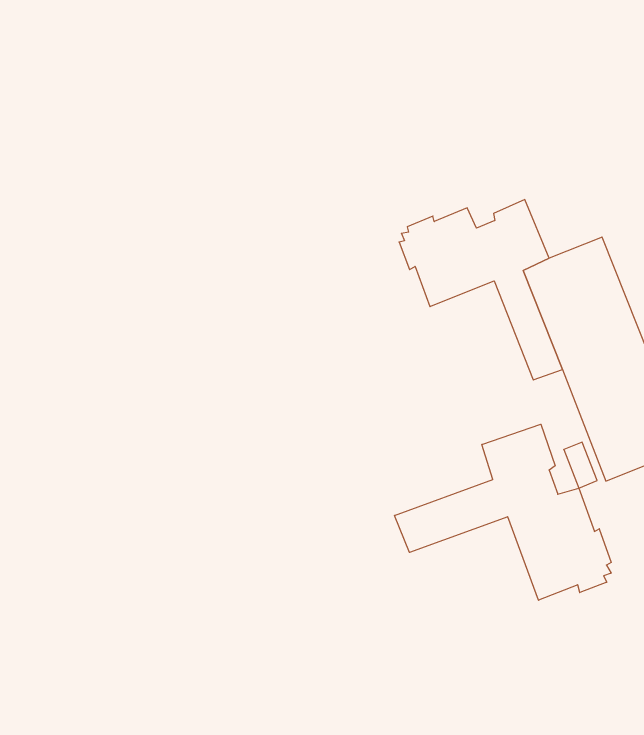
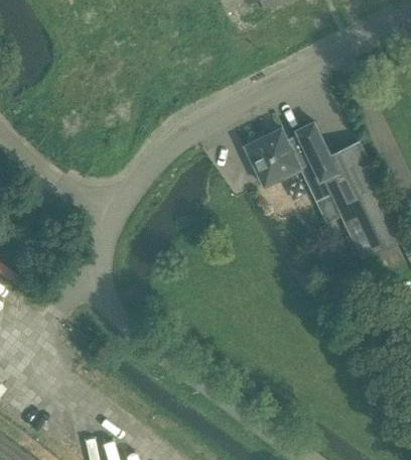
building: [395,424,611,600] -> none

